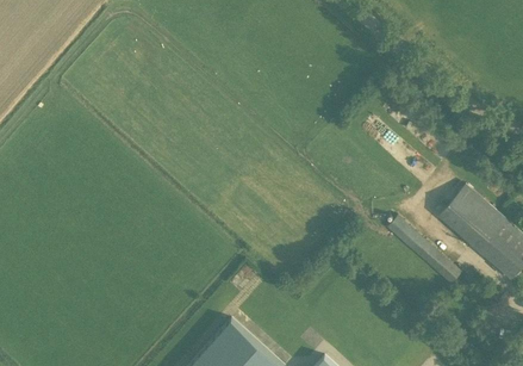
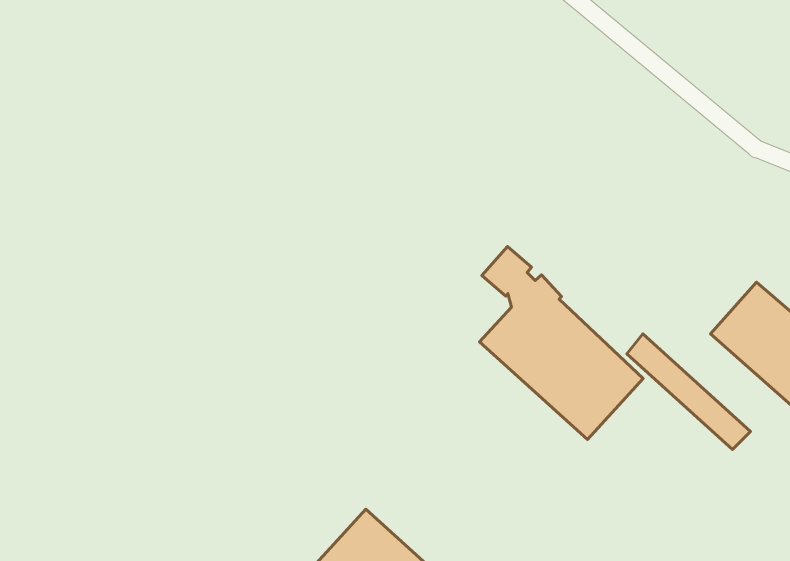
building: none -> [480,247,643,440]

